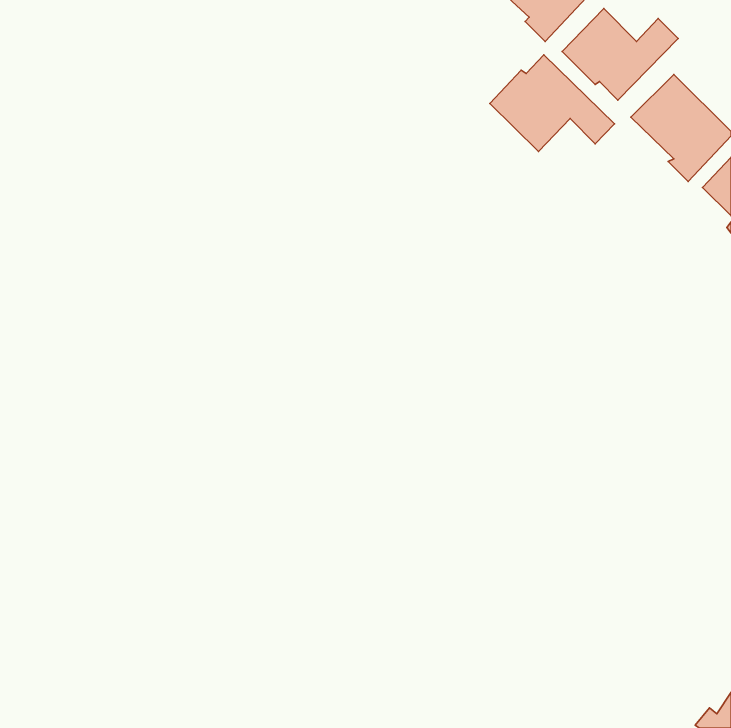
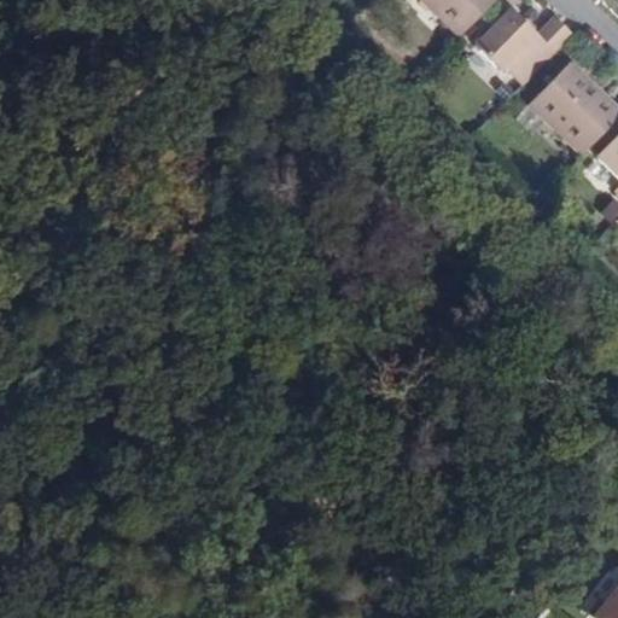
building: [490,55,614,151] -> none

